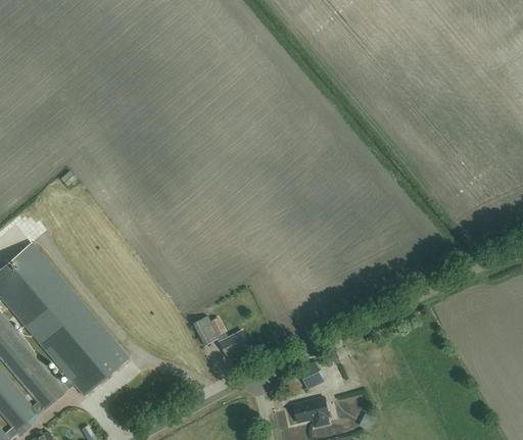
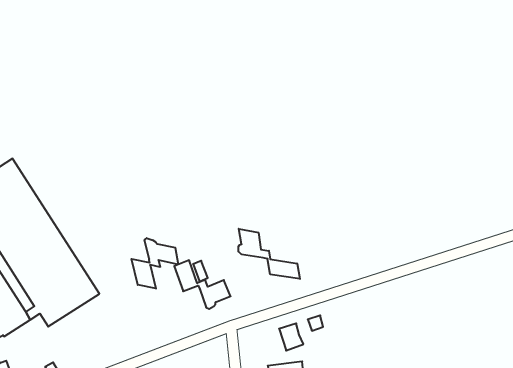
building: none -> [238,229,300,279]
building: none -> [131,238,178,289]

